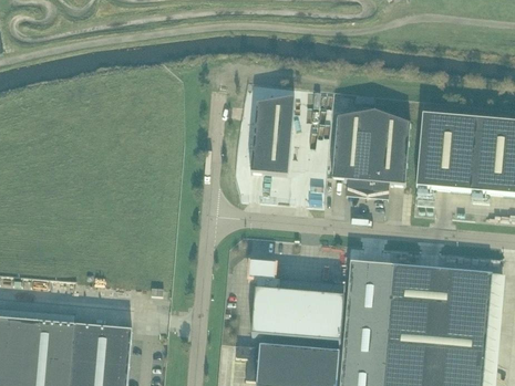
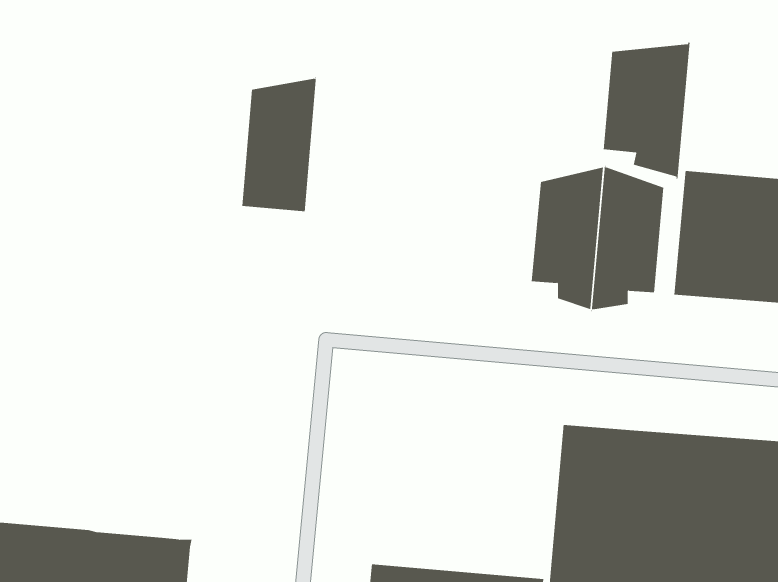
building: none -> [603,42,690,179]
building: [251,94,296,174] -> [242,76,317,212]
building: [249,259,346,341] -> none

